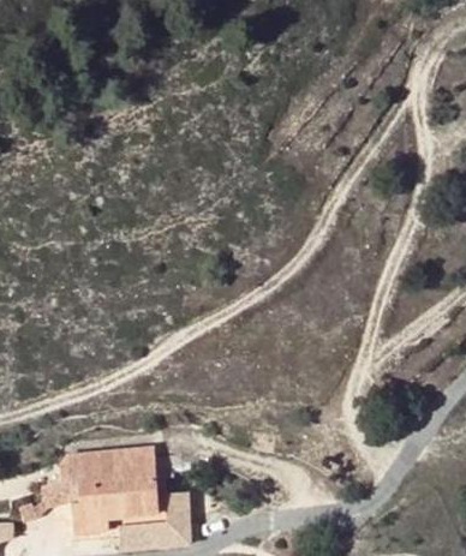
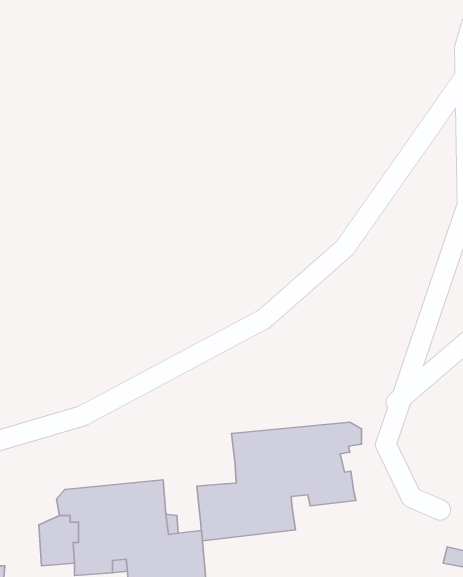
building: none -> [197,422,362,541]

